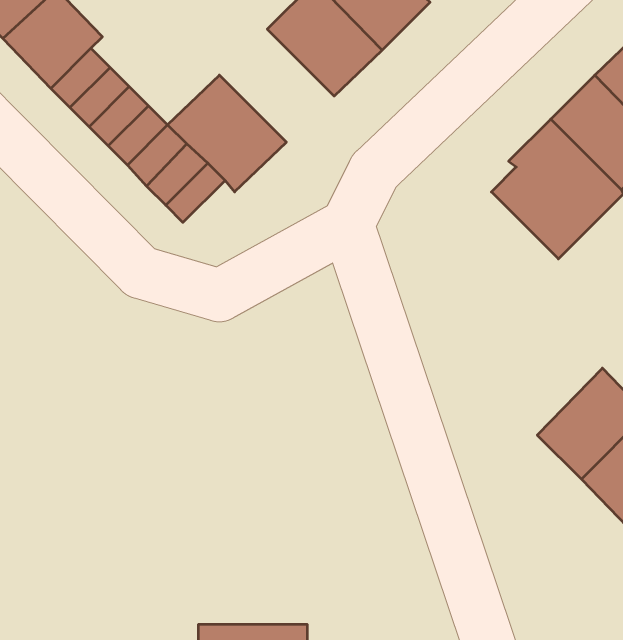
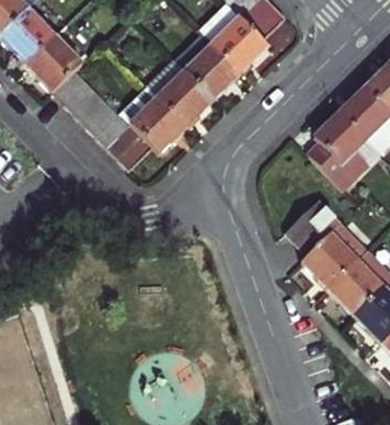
building: none -> [149,59,215,124]
building: none -> [287,202,368,291]

